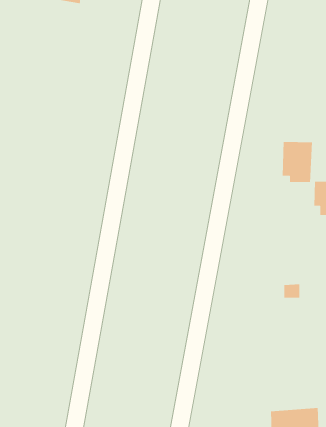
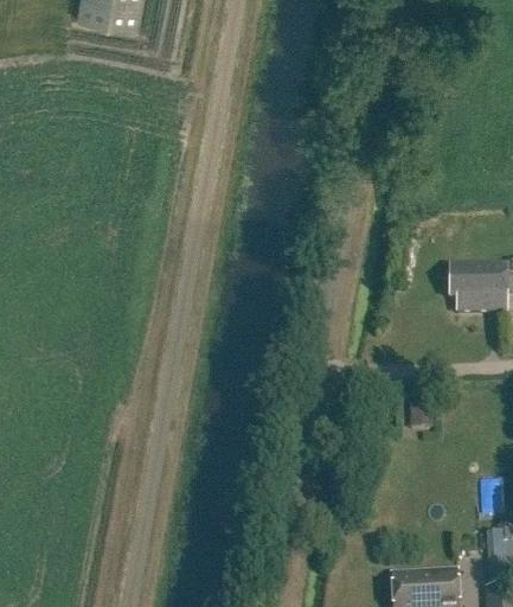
building: [282,141,313,183] -> none

